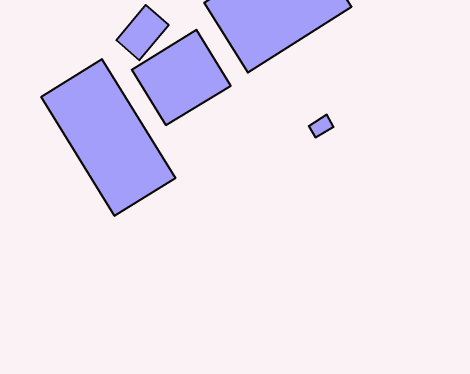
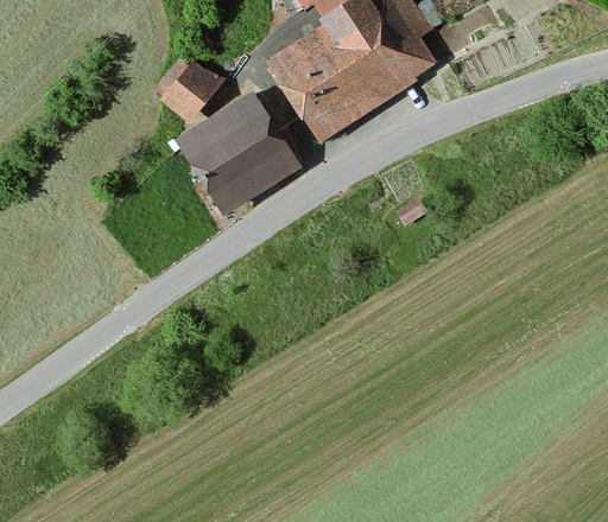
building: [41,59,175,216] -> none

